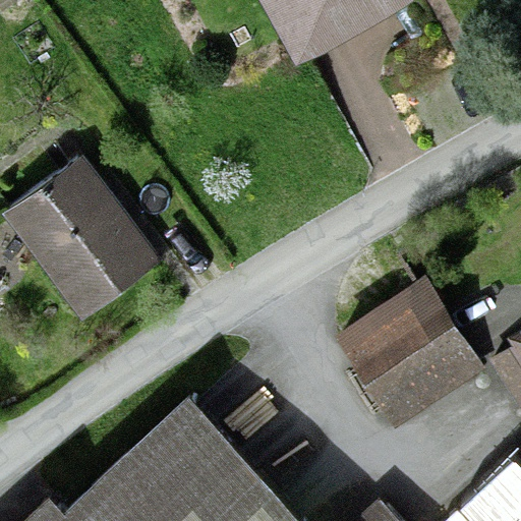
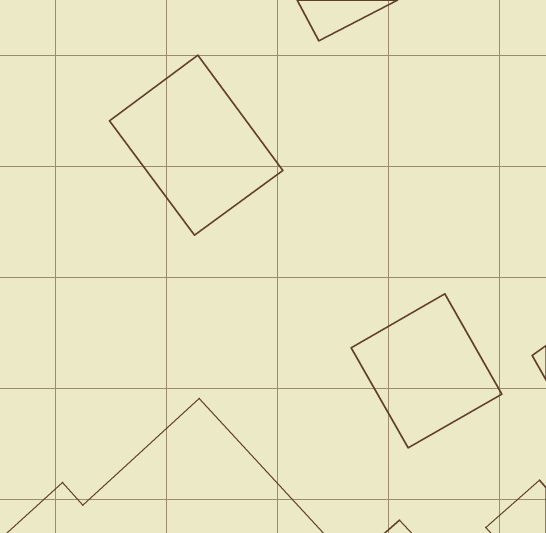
building: [7,140,171,310] -> [110,55,283,235]

